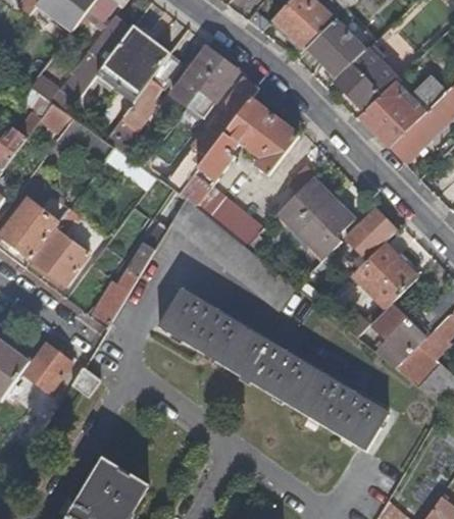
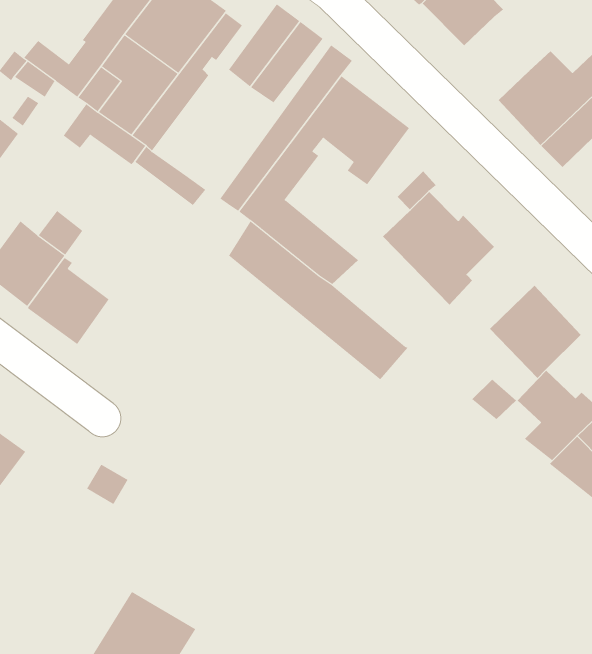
building: [333,57,398,107] -> none
building: [345,208,396,259] -> none
building: [94,241,156,323] -> none
building: [159,290,389,451] -> none
building: [21,341,72,384] -> none

